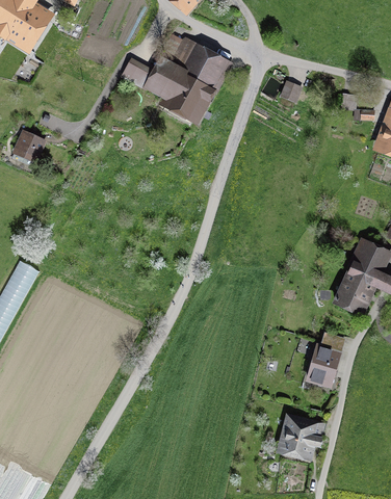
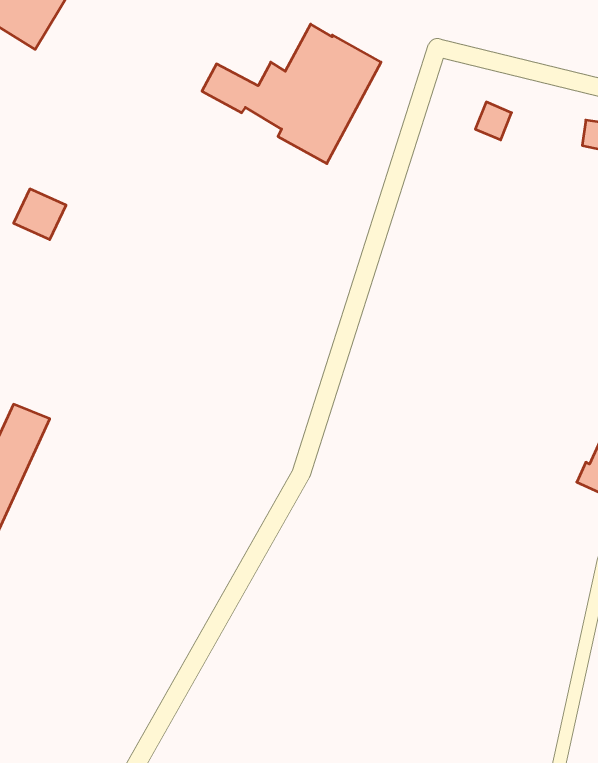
building: [308,343,338,385] -> none
building: [284,418,321,453] -> none

